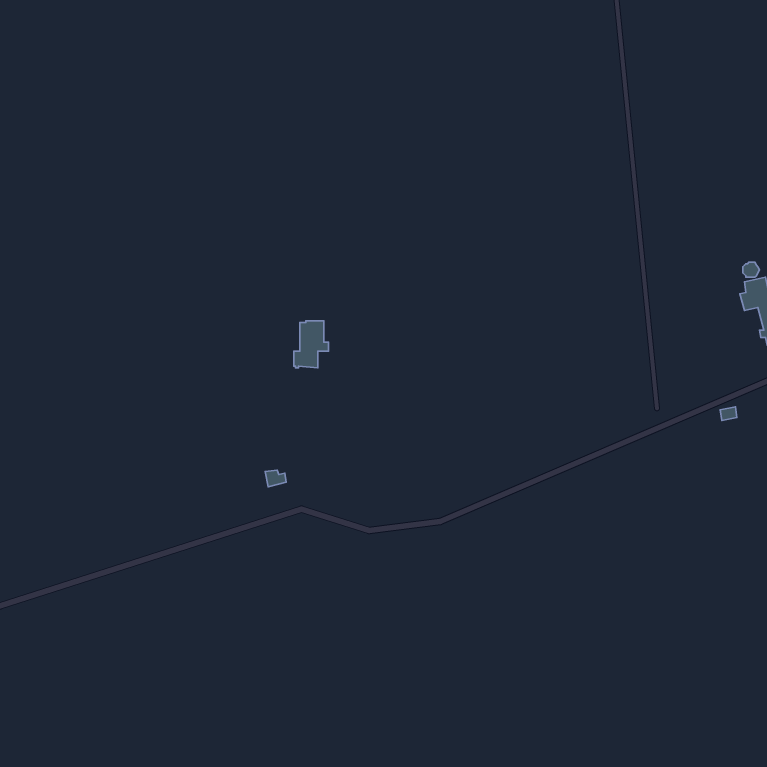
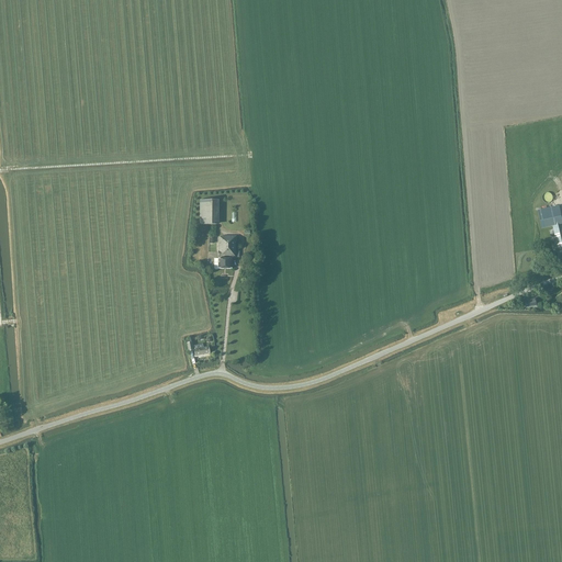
building: none -> [202,198,221,223]

